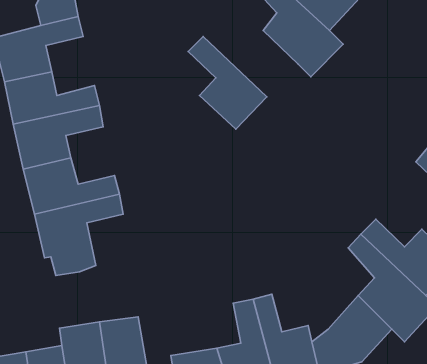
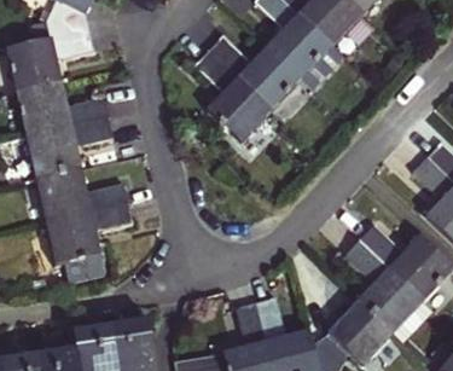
building: none -> [209,35,301,108]

